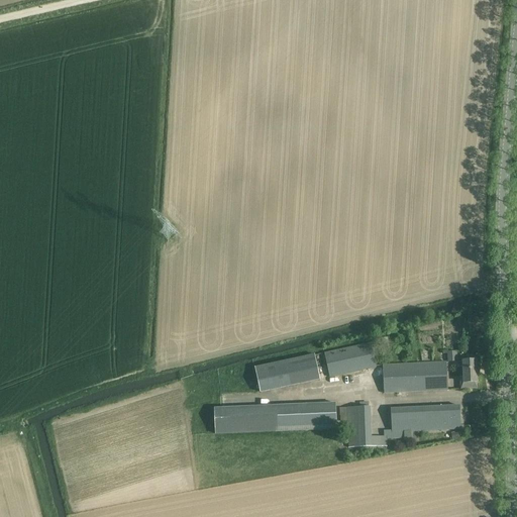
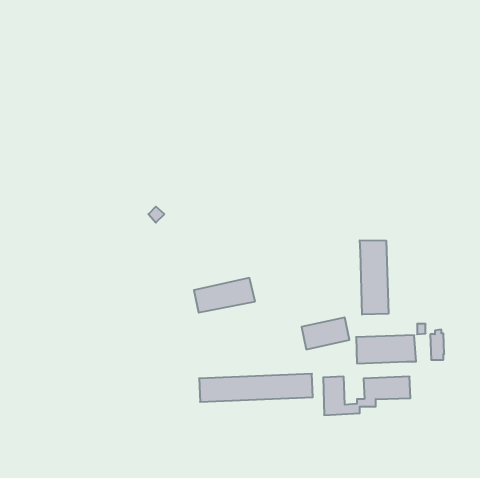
building: none -> [360,240,388,315]
building: [254,352,320,390] -> [194,278,255,313]
building: [440,404,459,428] -> none

